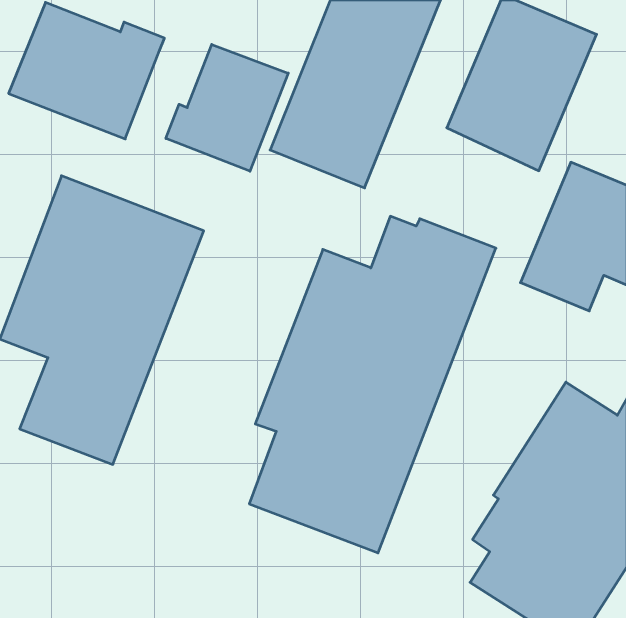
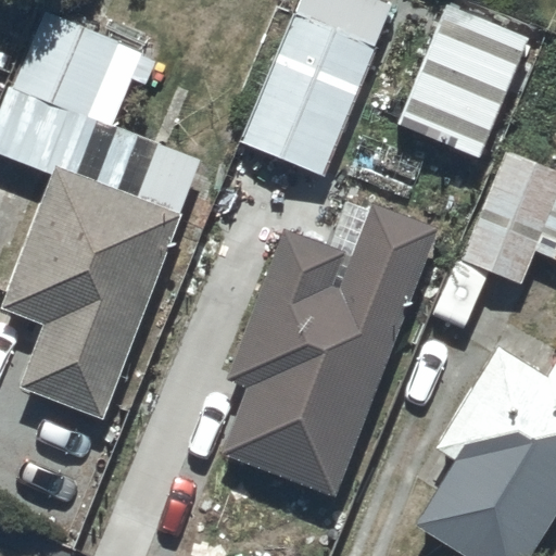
building: [166,44,288,171] -> none

